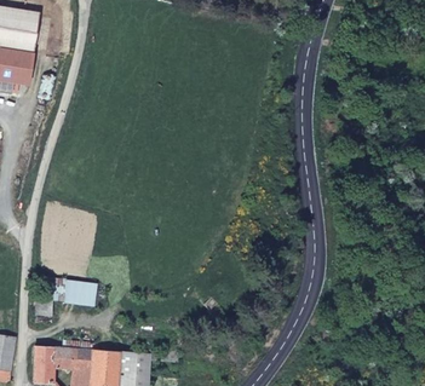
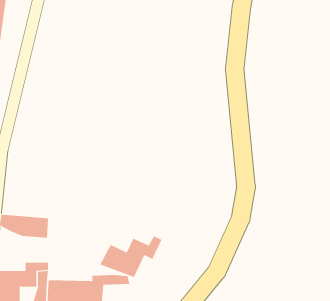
building: none -> [99,236,162,278]

